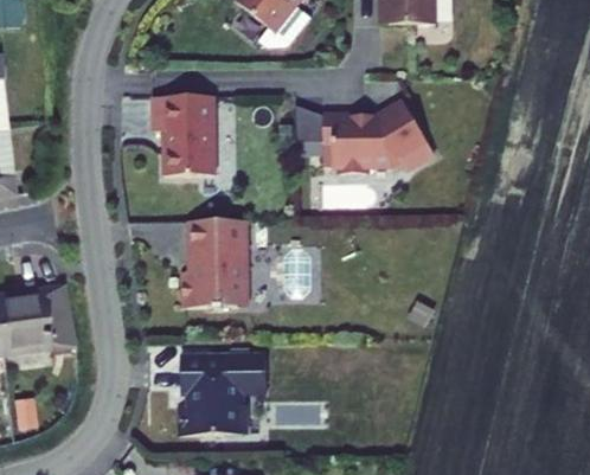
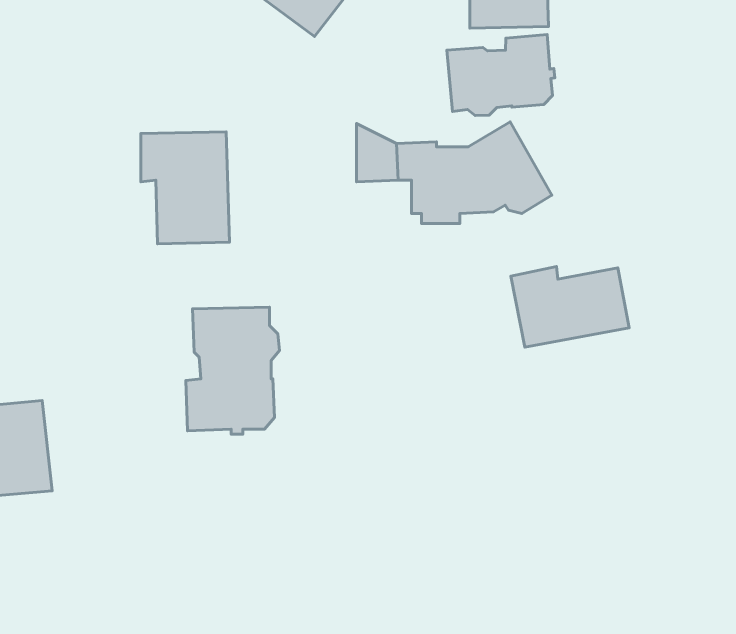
building: none -> [447,34,555,115]
building: none -> [511,266,629,347]
building: [178,359,265,437] -> none

